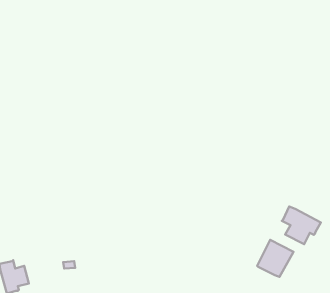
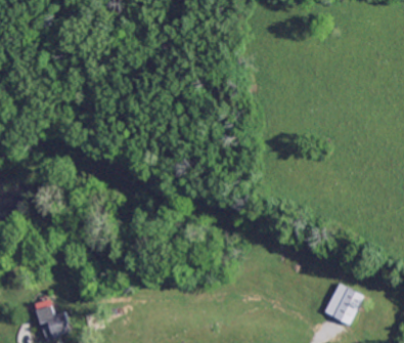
building: [282,207,321,244] -> none

